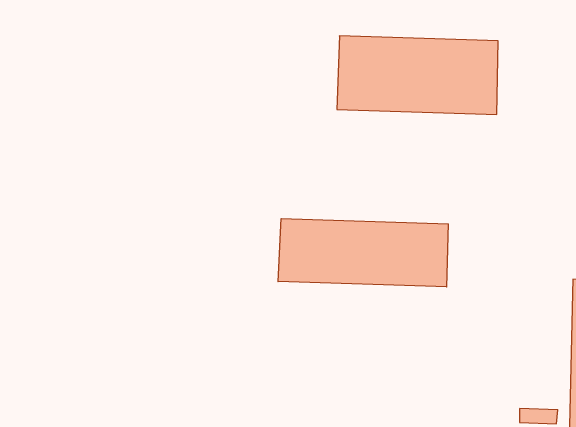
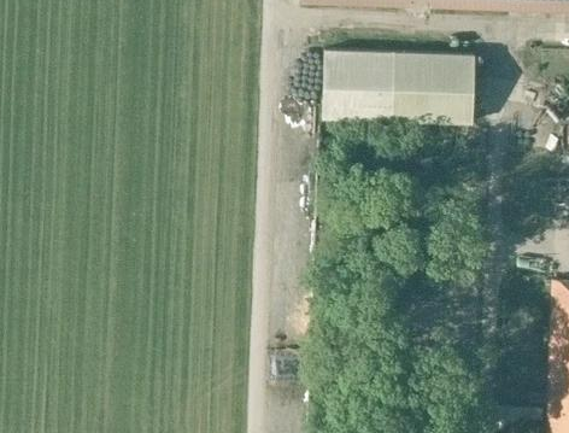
building: [278,219,448,287] -> none

